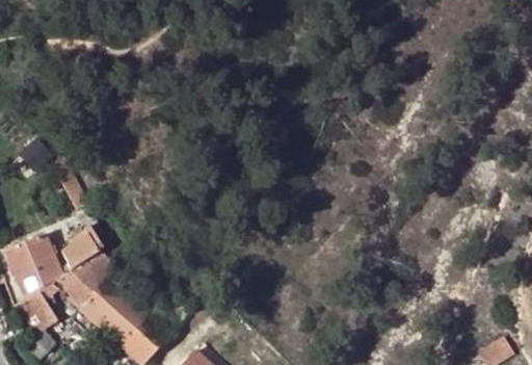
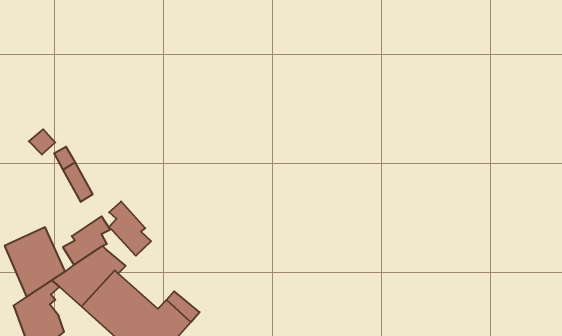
building: none -> [109,201,151,256]

